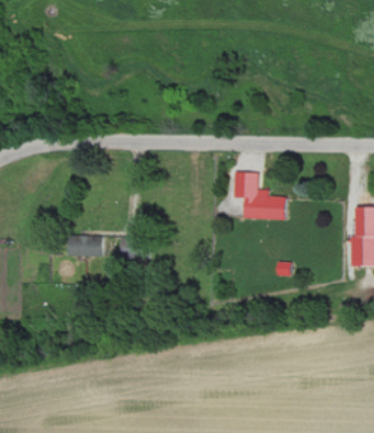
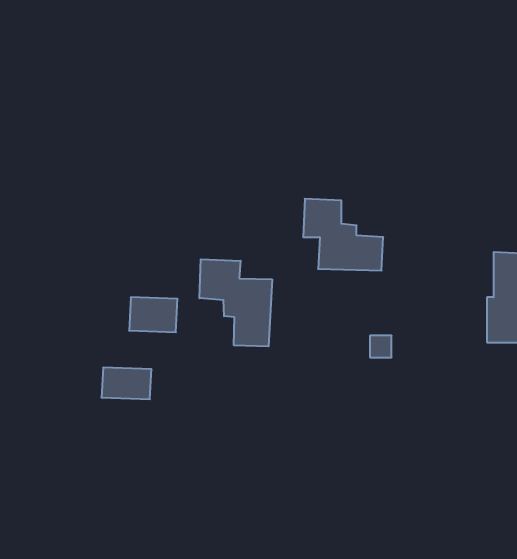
building: none -> [199,259,272,346]
building: [69,236,102,257] -> [101,368,152,399]

